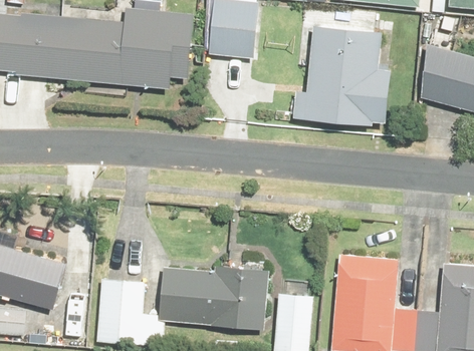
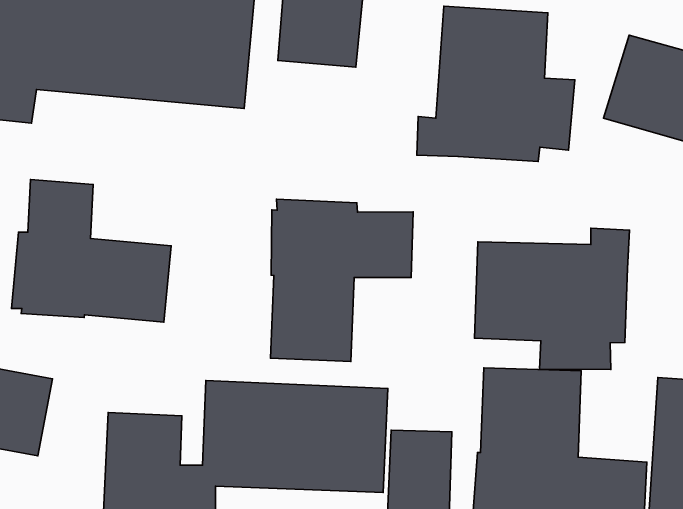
building: none -> [11,179,171,322]
building: none -> [270,199,413,362]
building: none -> [475,228,630,370]

